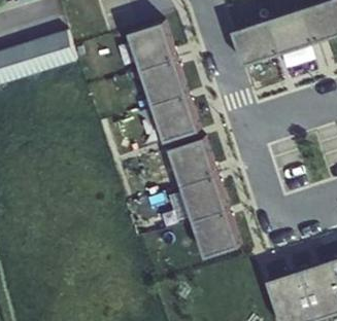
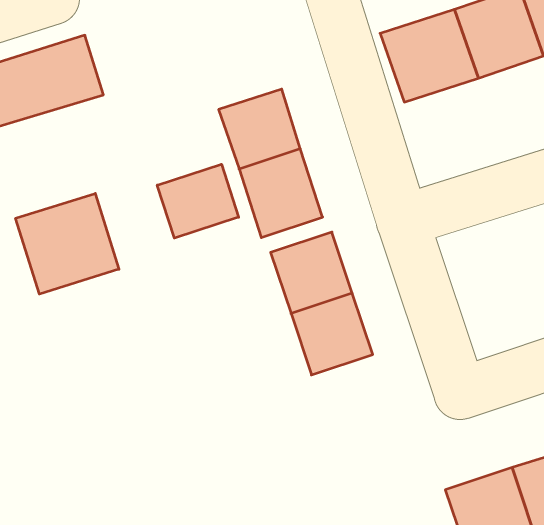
building: [128,23,174,71] -> none
building: none -> [157,164,239,238]
building: none -> [16,193,119,294]
building: [191,207,238,258] -> none

